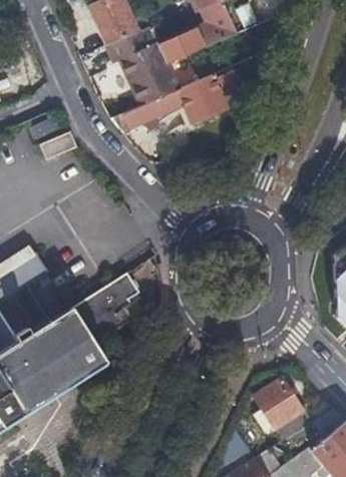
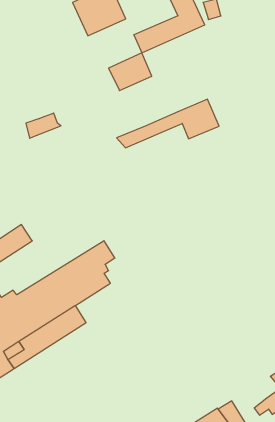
building: [106,26,167,81] -> none
building: [110,76,225,130] -> [117,99,219,148]
building: [256,381,308,443] -> none

